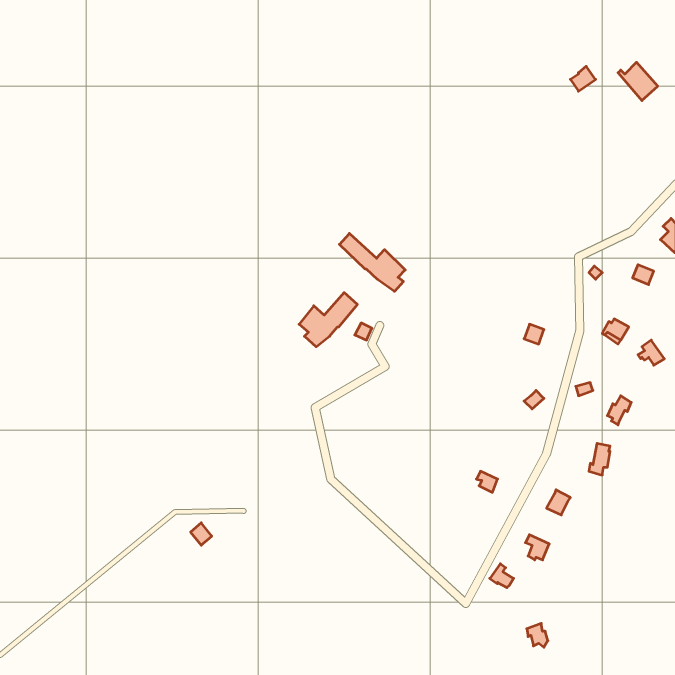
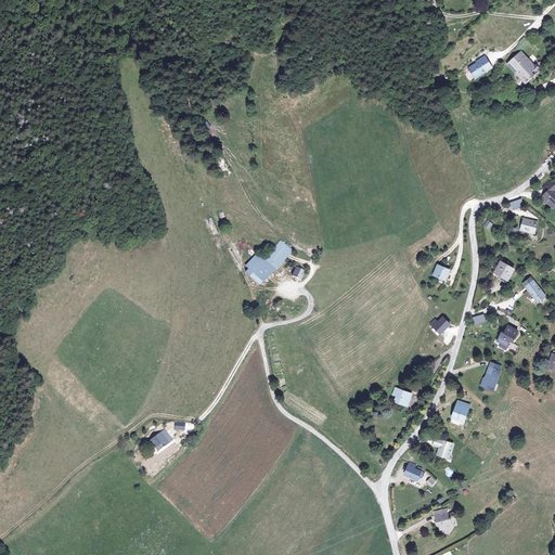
building: [339,233,405,291] -> none

